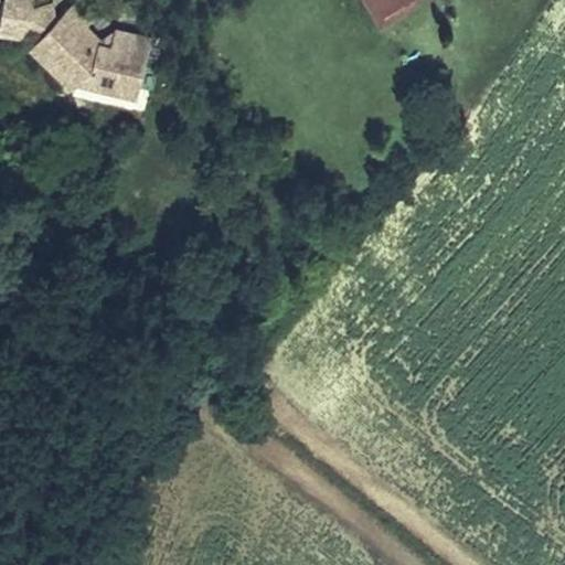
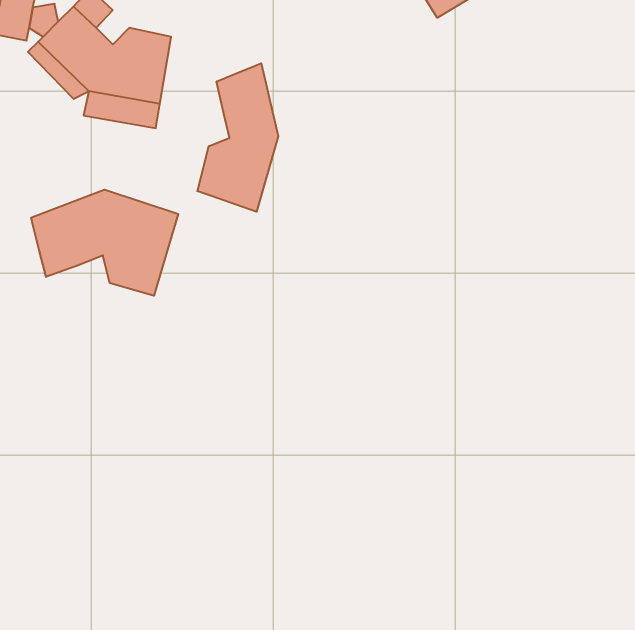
building: none -> [197,63,278,212]
building: none -> [31,190,178,296]

